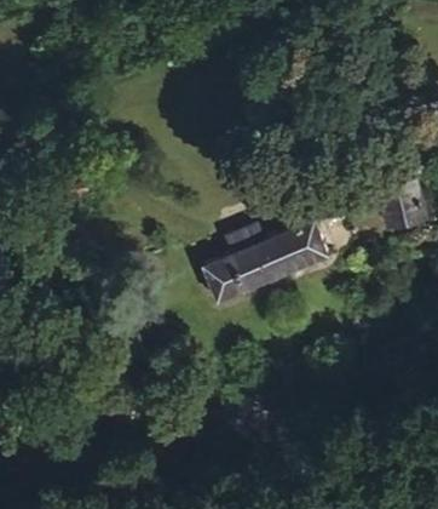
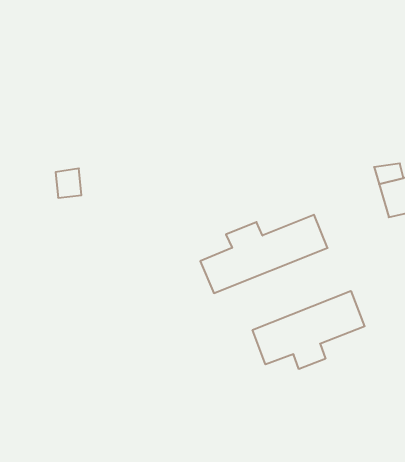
building: none -> [253,291,365,369]

